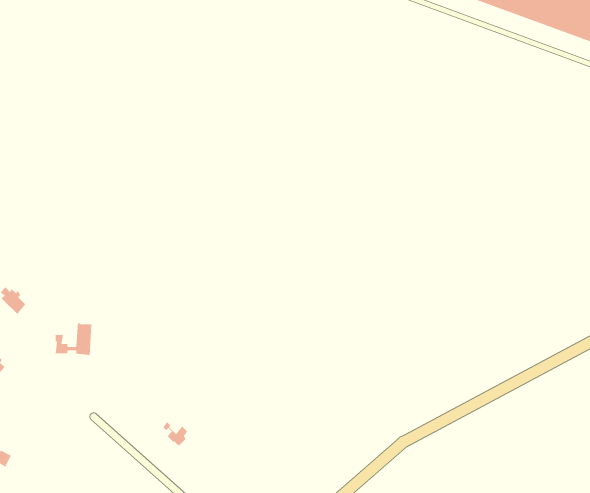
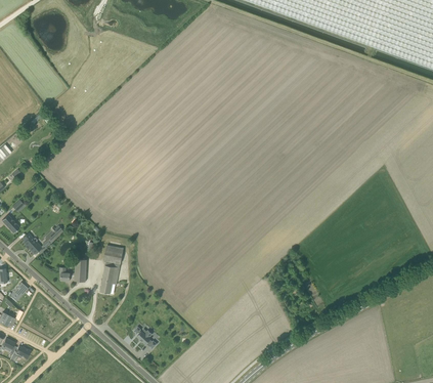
building: none -> [100,245,124,294]

